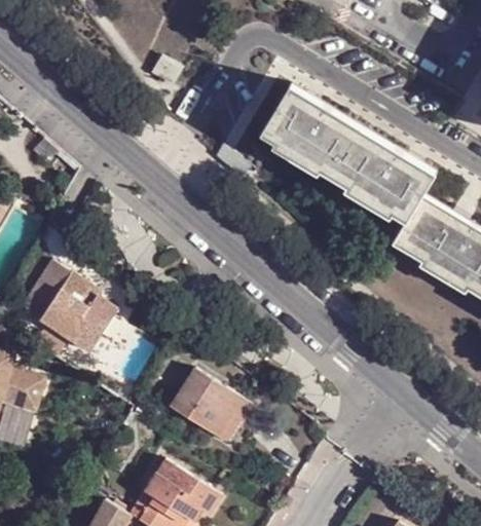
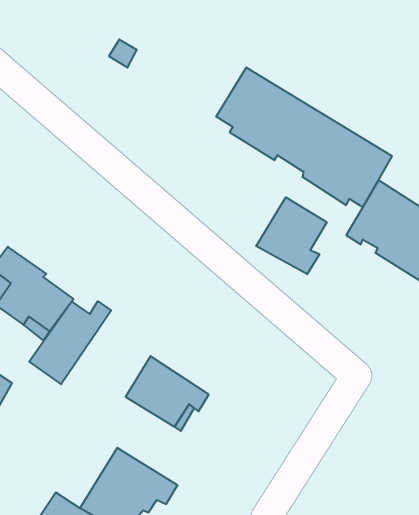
building: none -> [256,197,327,274]
building: none -> [29,301,111,384]

